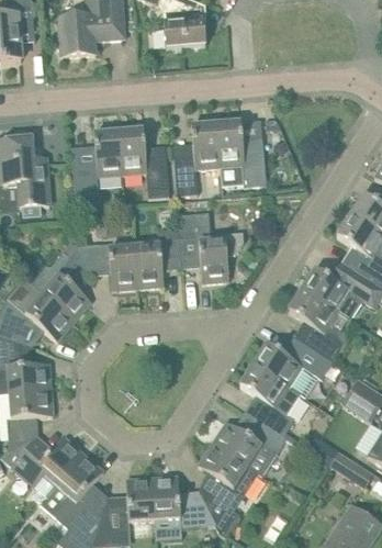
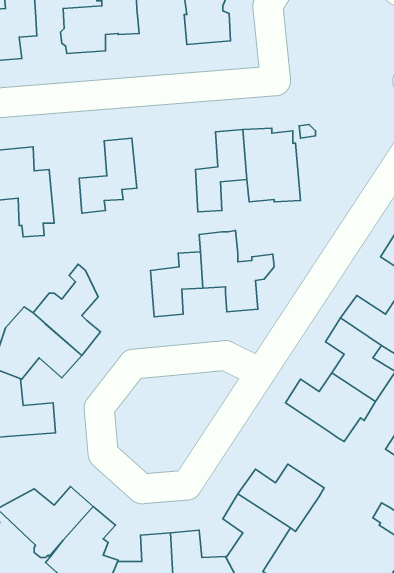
building: [119,127,170,195] -> none
building: [78,243,138,288] -> none
building: [240,361,300,443] -> none
building: [8,388,54,449] -> none

